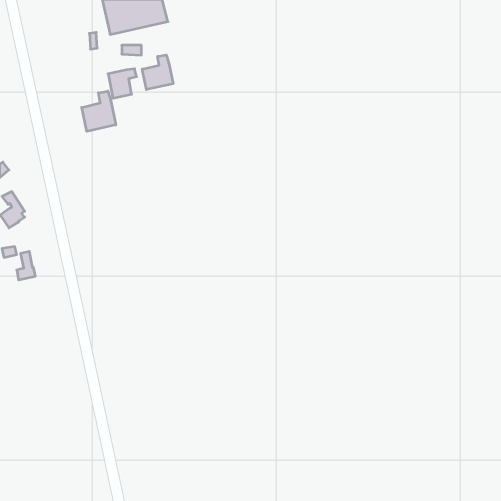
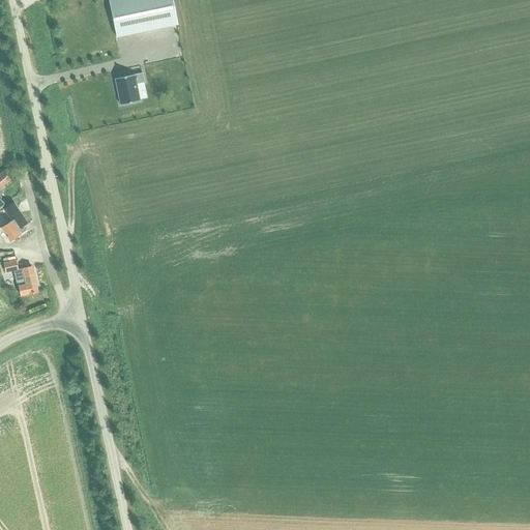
building: [142,55,173,90] -> none
building: [82,91,116,131] -> none

